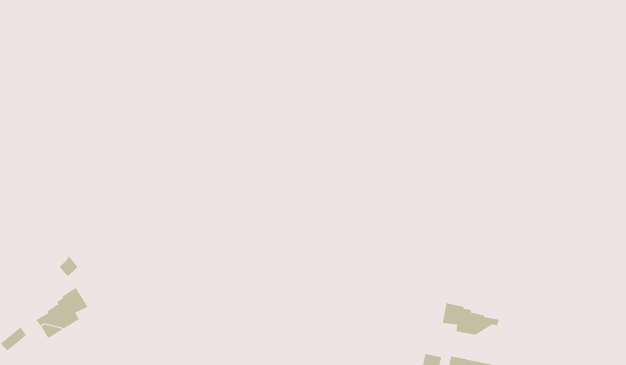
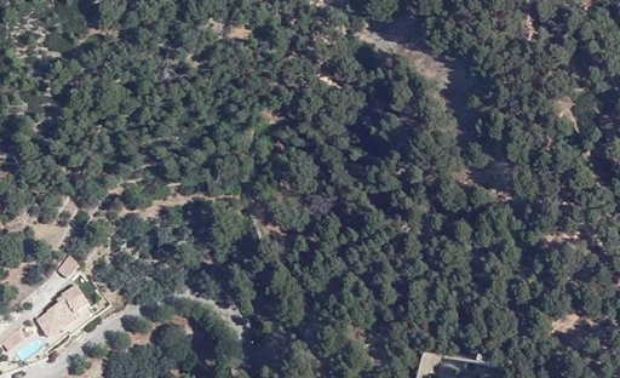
building: [442,303,499,335] -> none

